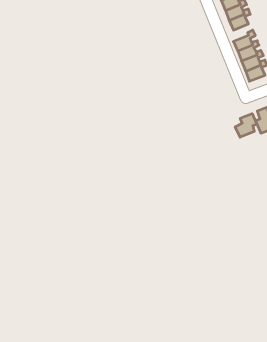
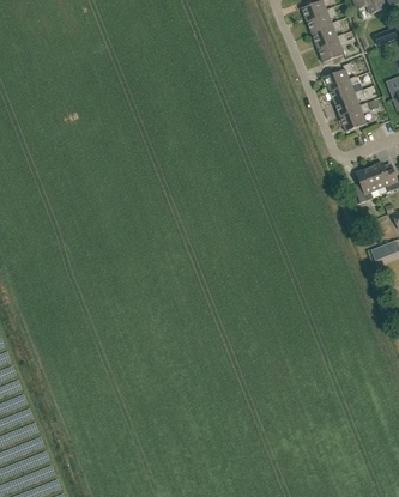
building: [235,114,257,137] -> none

